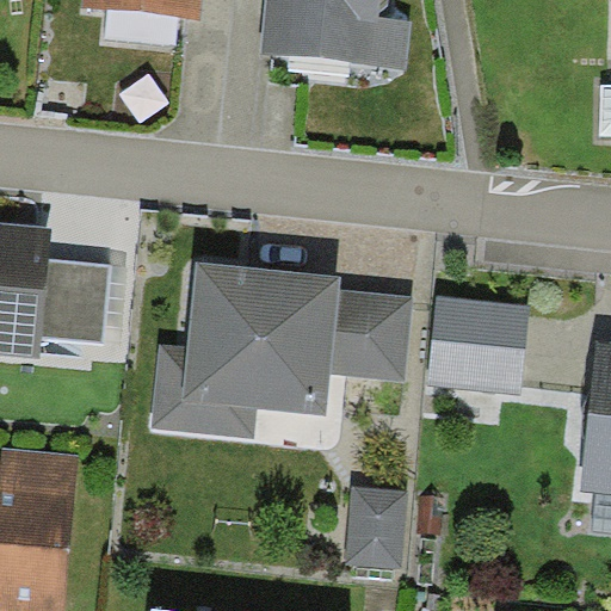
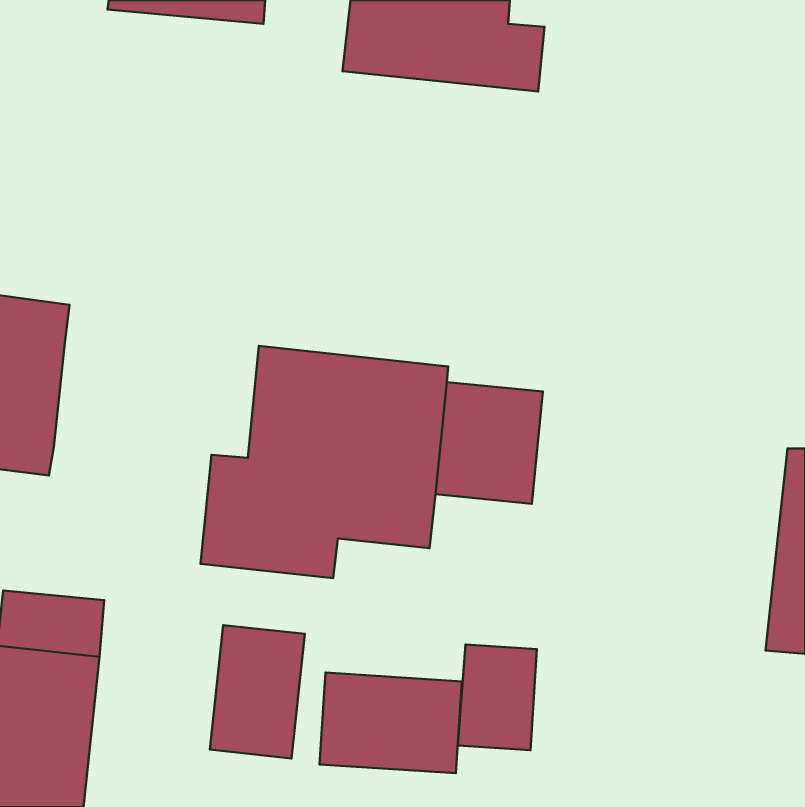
building: [41,259,110,344] -> none
building: [428,296,527,395] -> none
building: none -> [210,625,305,758]
building: none -> [320,672,462,773]

